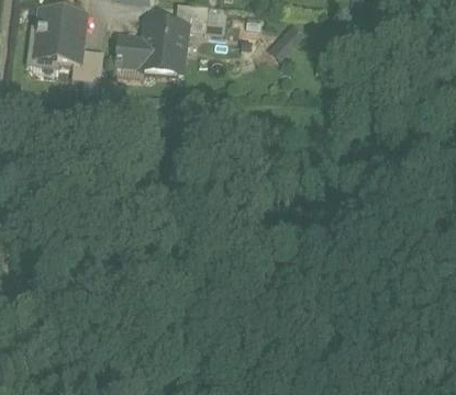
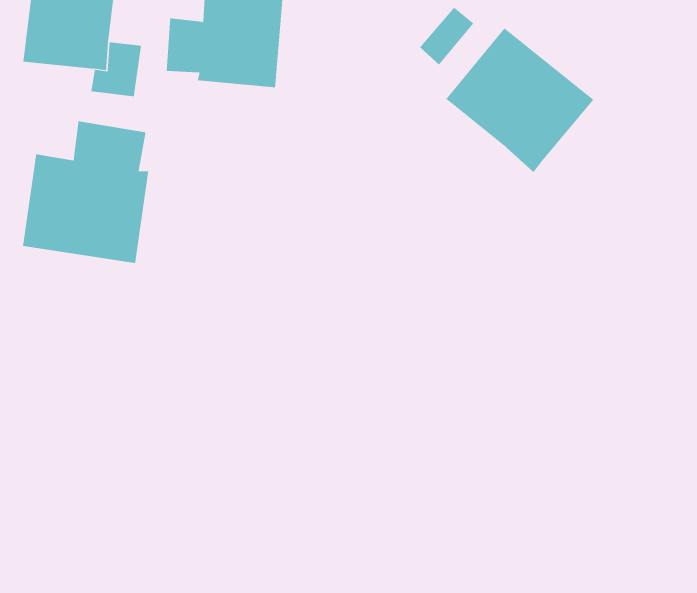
building: none -> [446,27,594,173]
building: none -> [22,121,149,264]

